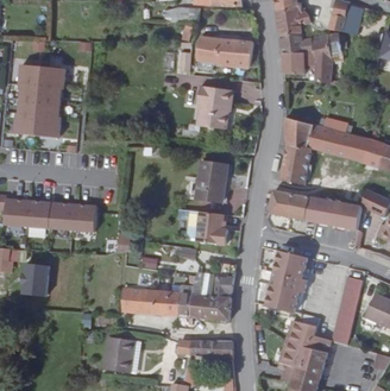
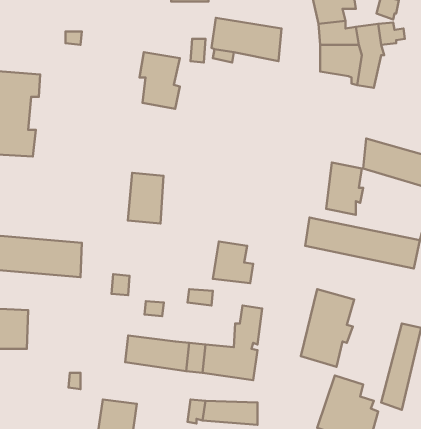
building: [200,82,232,127] -> [140,52,180,109]
building: [290,120,319,151] -> none
building: [196,159,225,200] -> [128,173,163,223]

